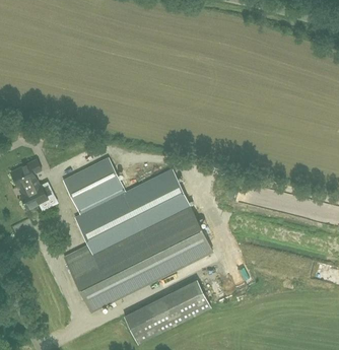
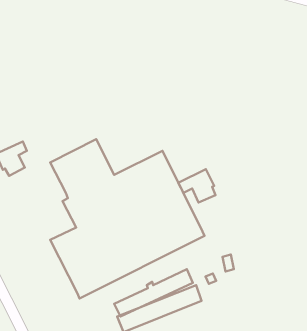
building: [20,181,51,208] -> none
building: none -> [178,169,215,202]

